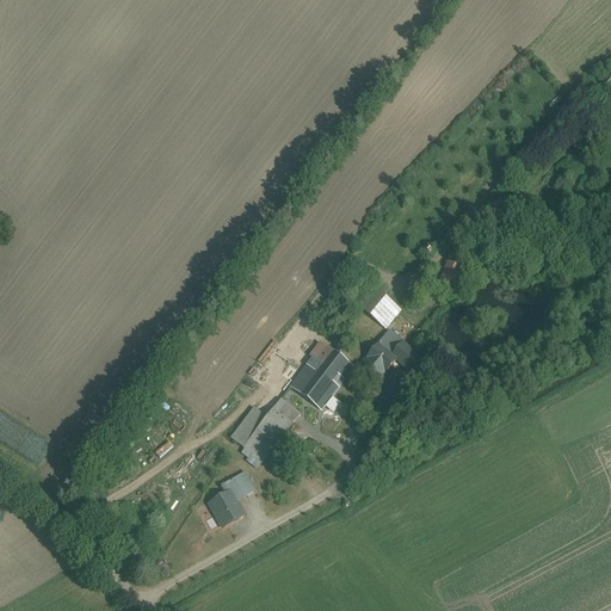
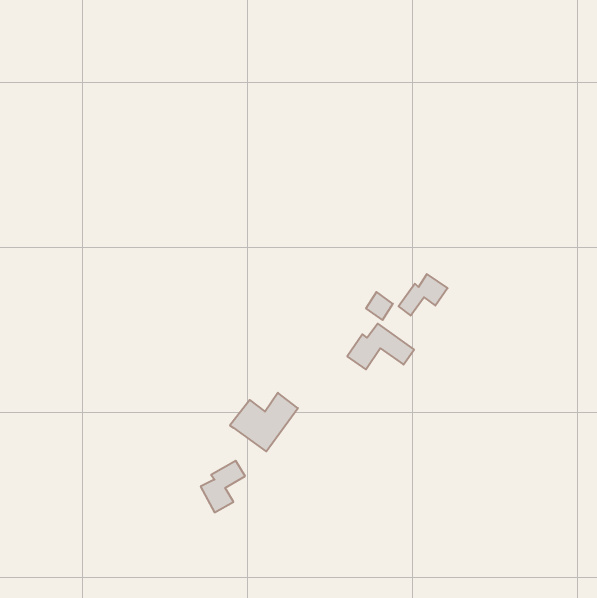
building: none -> [399,274,448,316]
building: [285,340,353,411] -> none

